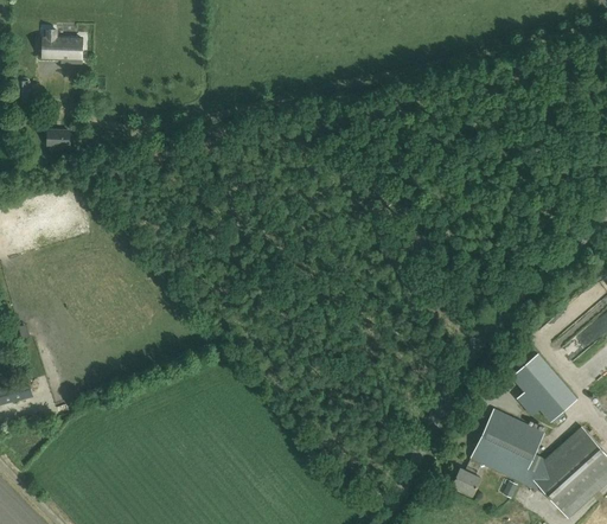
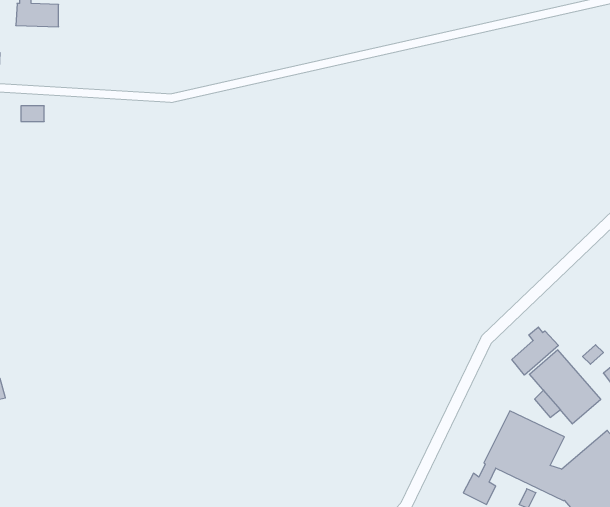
building: none -> [512,327,558,375]

